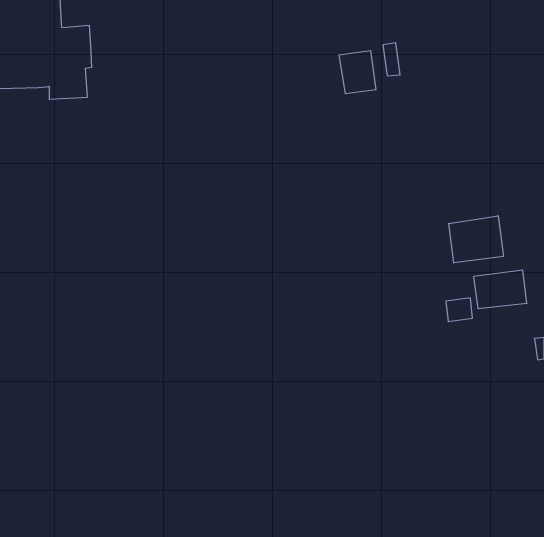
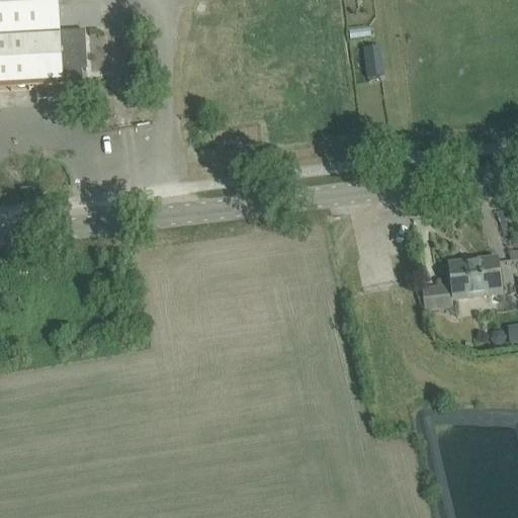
building: [339,51,376,94] -> none
building: [449,216,503,263] -> none

